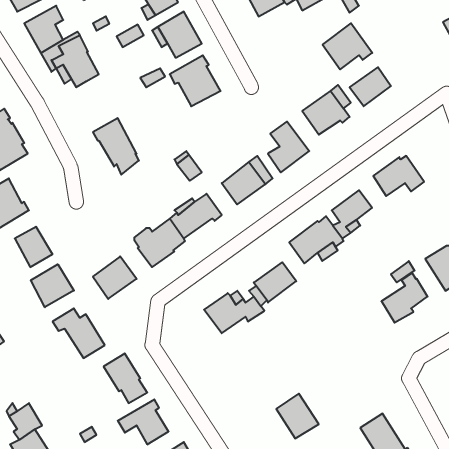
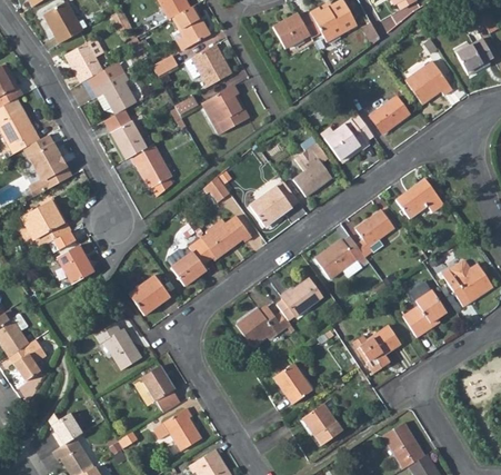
building: [323,23,372,69] -> [409,59,455,102]
building: none -> [103,109,146,159]
building: [31,264,74,307] -> none
building: none -> [352,326,399,374]
building: none -> [274,362,312,403]

